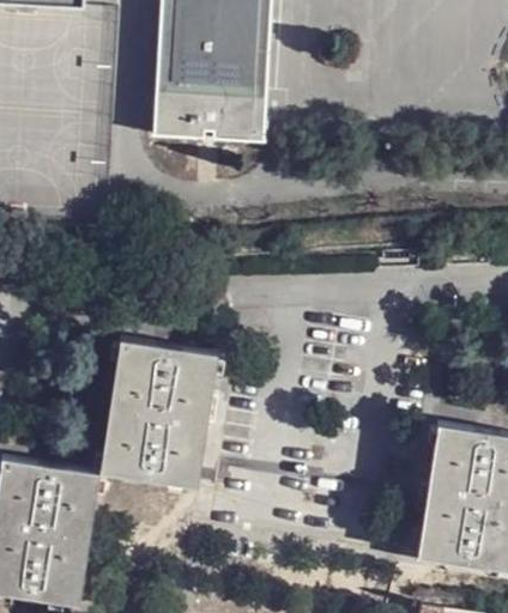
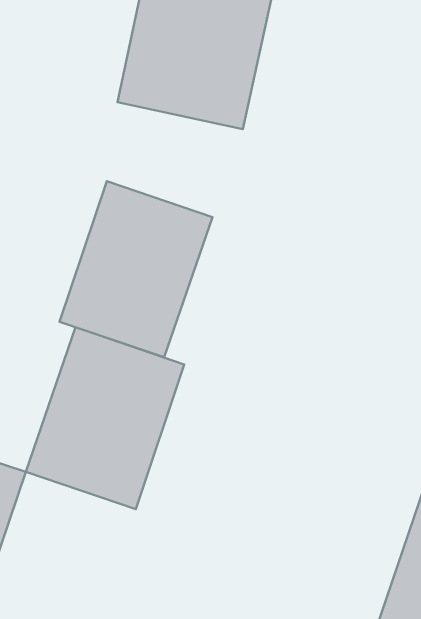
building: none -> [60,181,213,357]

